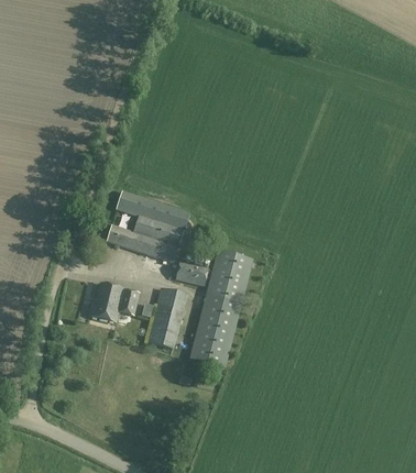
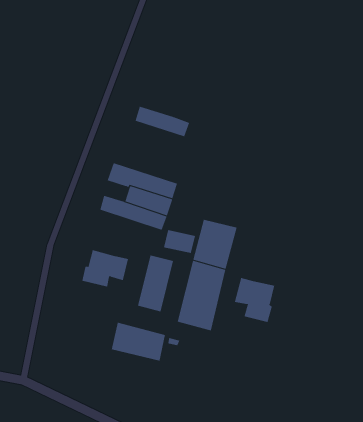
building: none -> [135,106,190,137]
building: none -> [234,277,275,323]
building: none -> [111,322,166,362]

